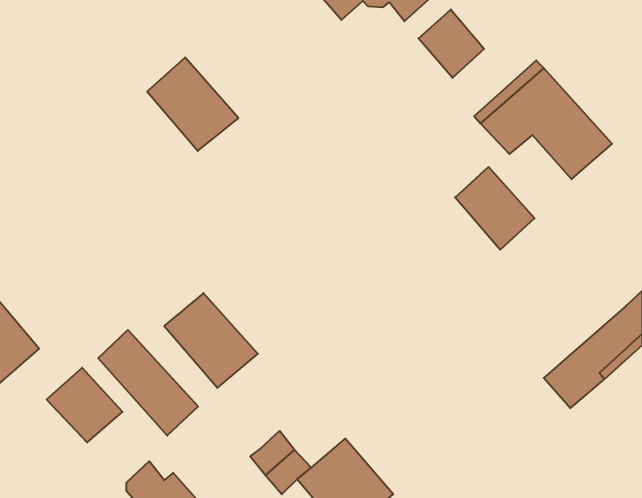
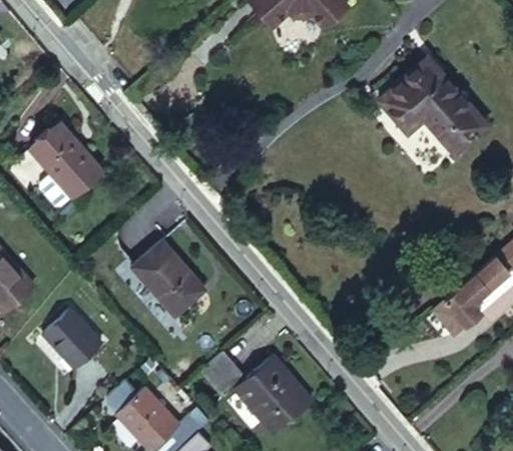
building: [418,9,484,78] -> none
building: [147,57,238,151] -> [33,124,105,198]
building: [455,167,535,250] -> none
building: [98,330,198,436] -> none

